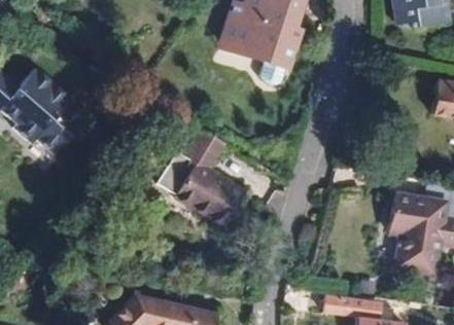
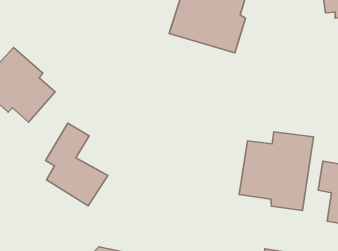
building: [172,130,244,225] -> [46,123,108,206]
building: none -> [239,132,314,210]

